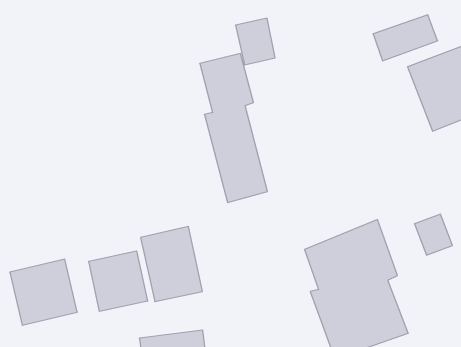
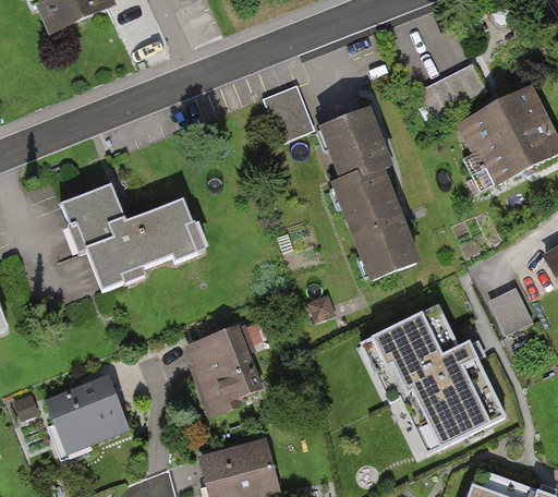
building: [200,54,267,202] -> [322,106,413,271]
building: none -> [71,192,211,302]
building: [89,251,147,311] -> none

